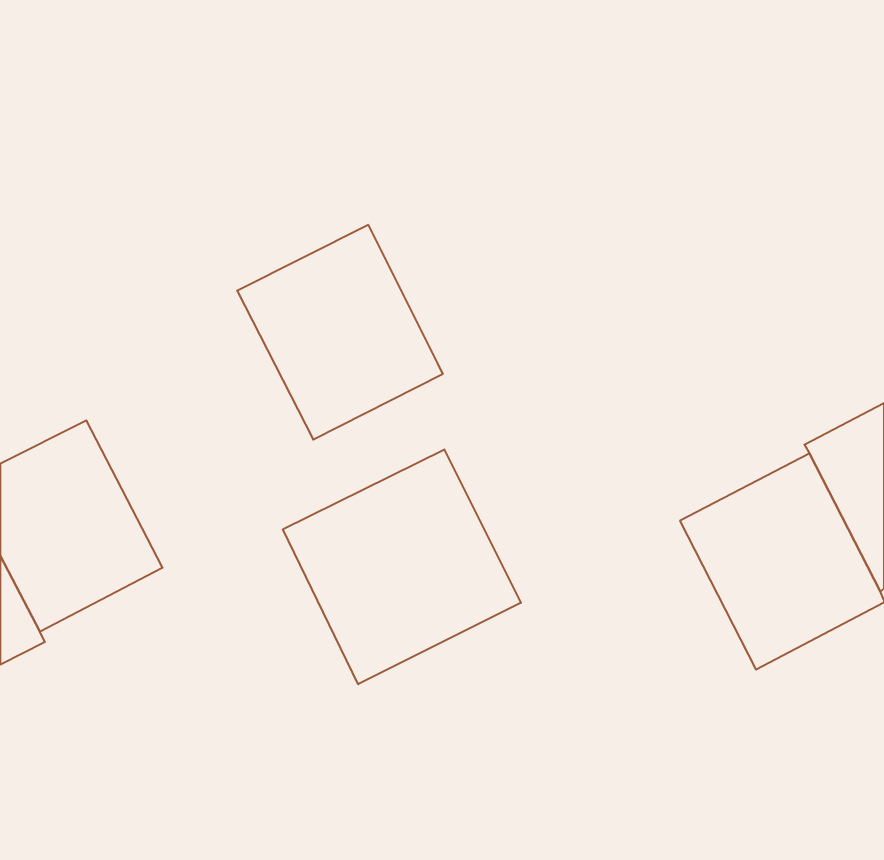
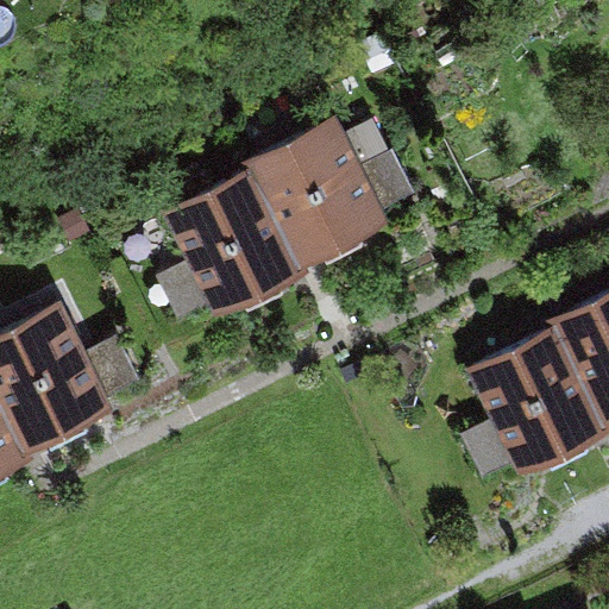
building: none -> [249,119,389,266]
building: [283,449,521,684] -> none

